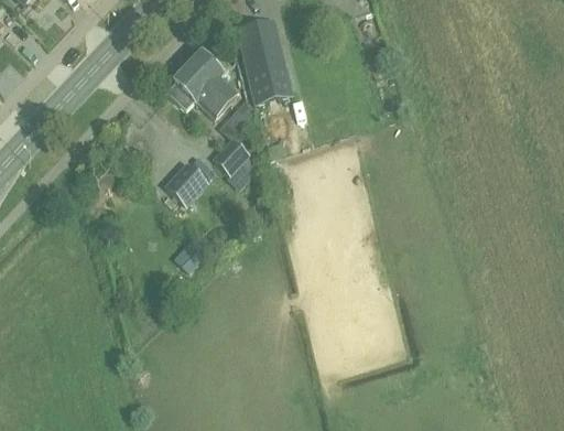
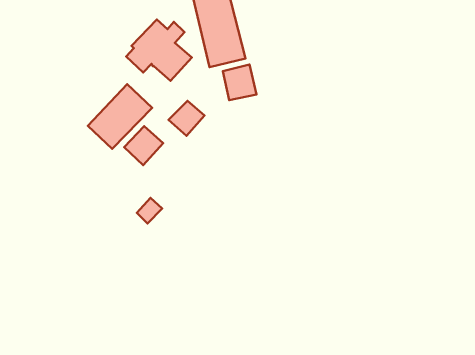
building: none -> [223,65,257,100]
building: none -> [88,84,152,149]

